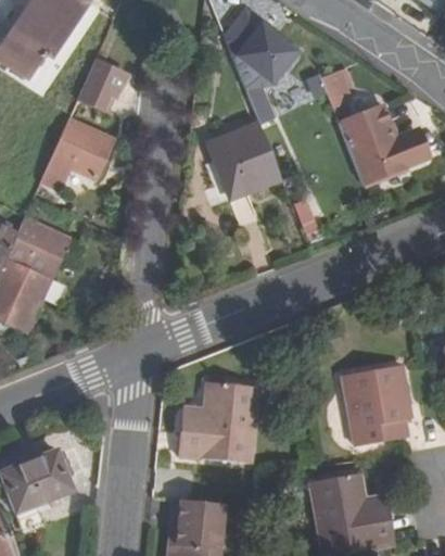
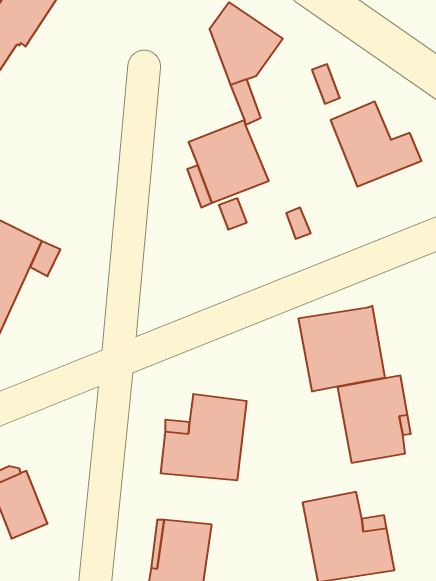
building: [77,61,125,114] -> none
building: [40,119,112,190] -> none
building: none -> [299,306,385,392]

